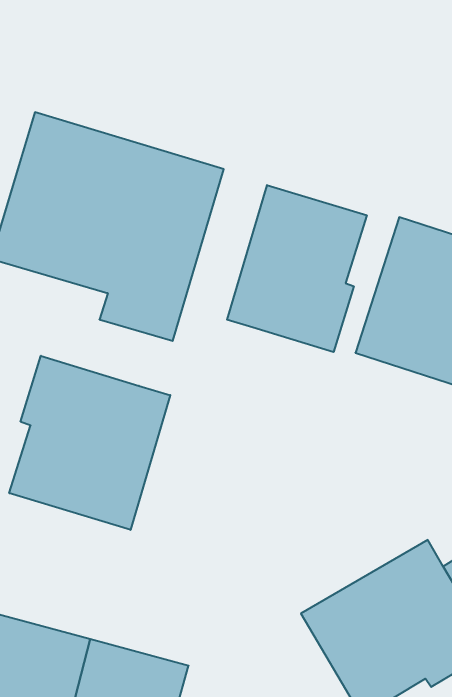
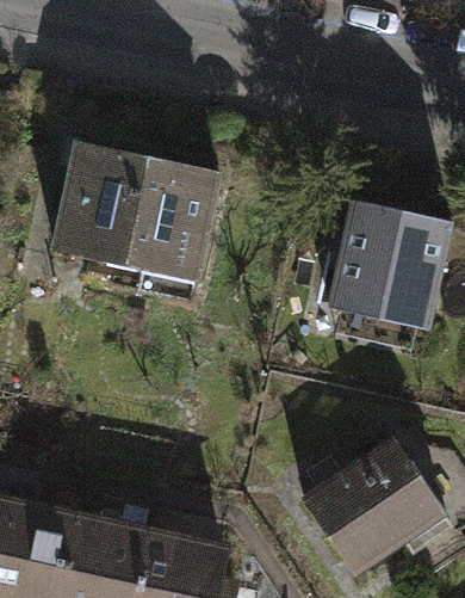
building: [227,185,367,352] -> none
building: [9,356,170,530] -> none

